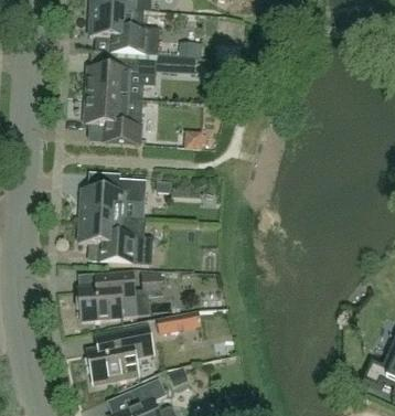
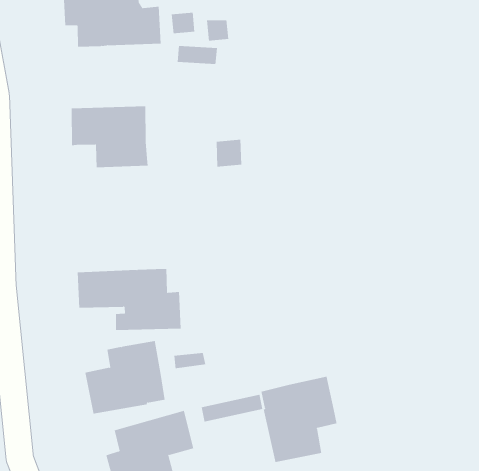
building: [85,54,154,97] -> none
building: [78,175,146,217] -> none
building: none -> [261,376,337,463]

